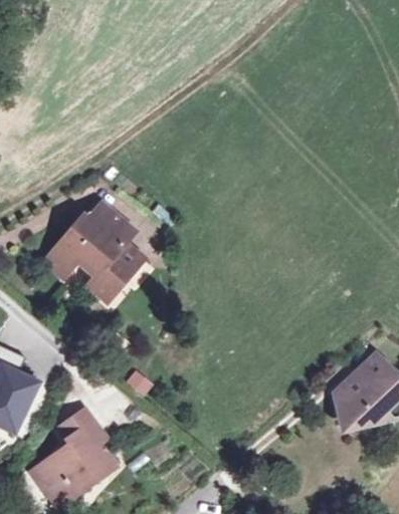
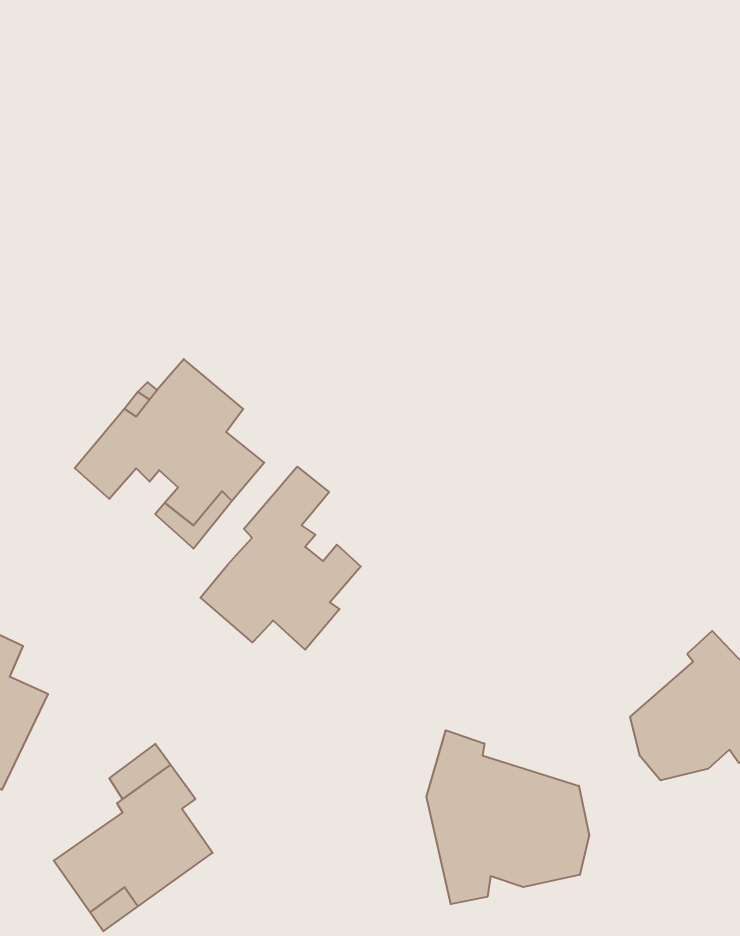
building: none -> [200,467,361,650]
building: none -> [426,730,589,904]

